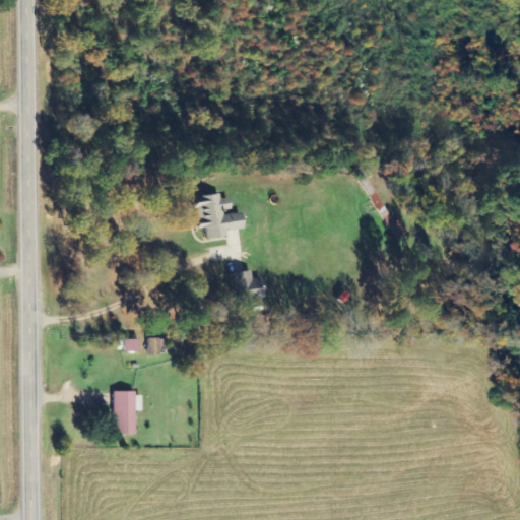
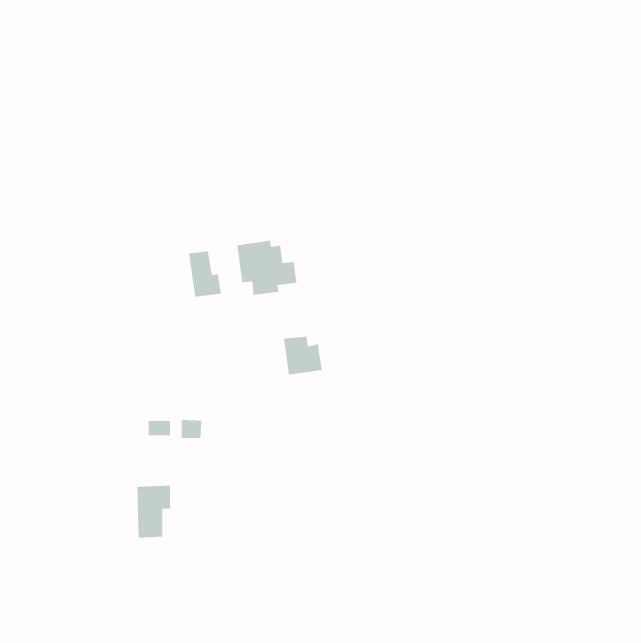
building: none -> [188,251,222,298]

